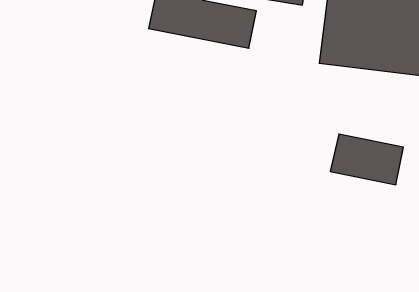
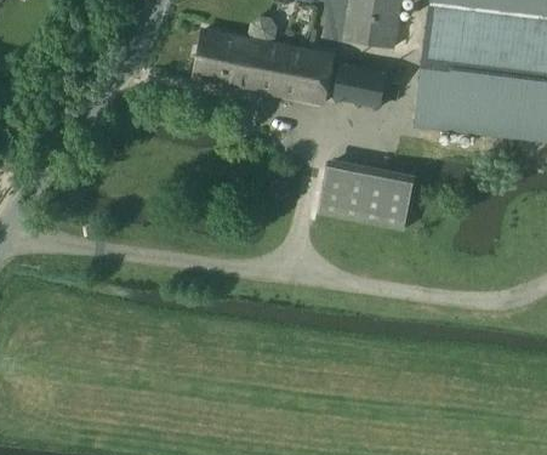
building: none -> [334,63,387,107]
building: [330,134,403,185] -> [318,165,412,231]

